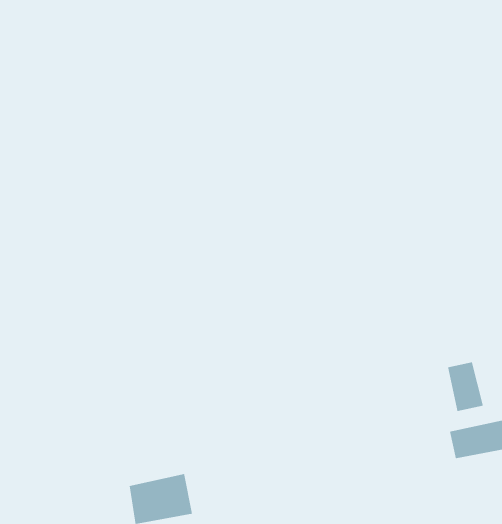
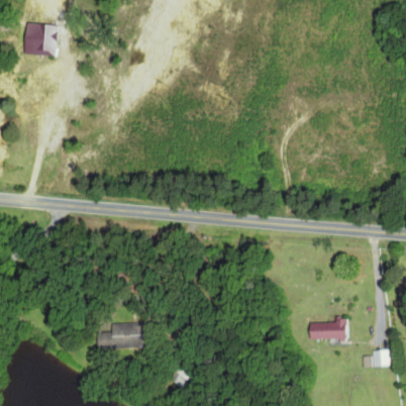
building: [448,362,483,412] -> none

